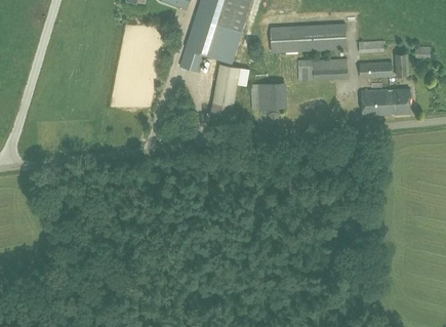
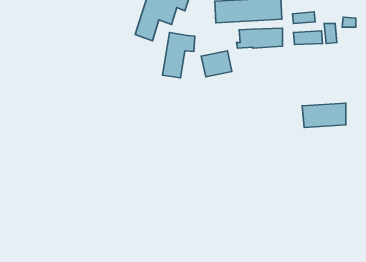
building: [360,88,409,116] -> [302,103,346,127]

